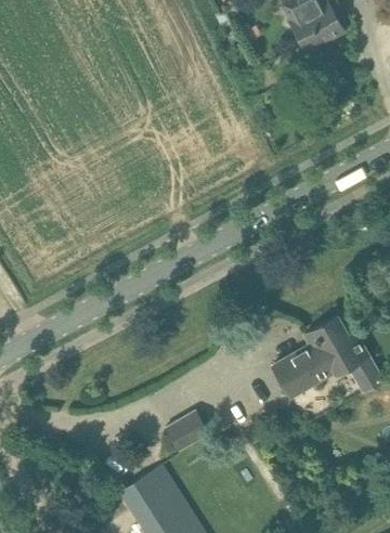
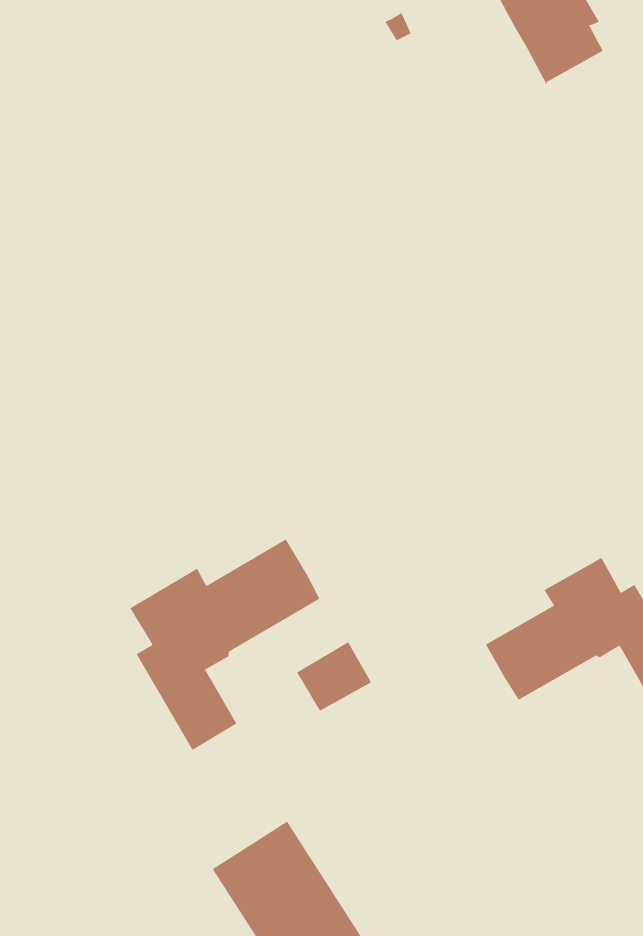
building: none -> [130,539,320,751]
building: [166,412,208,451] -> [296,642,372,711]

